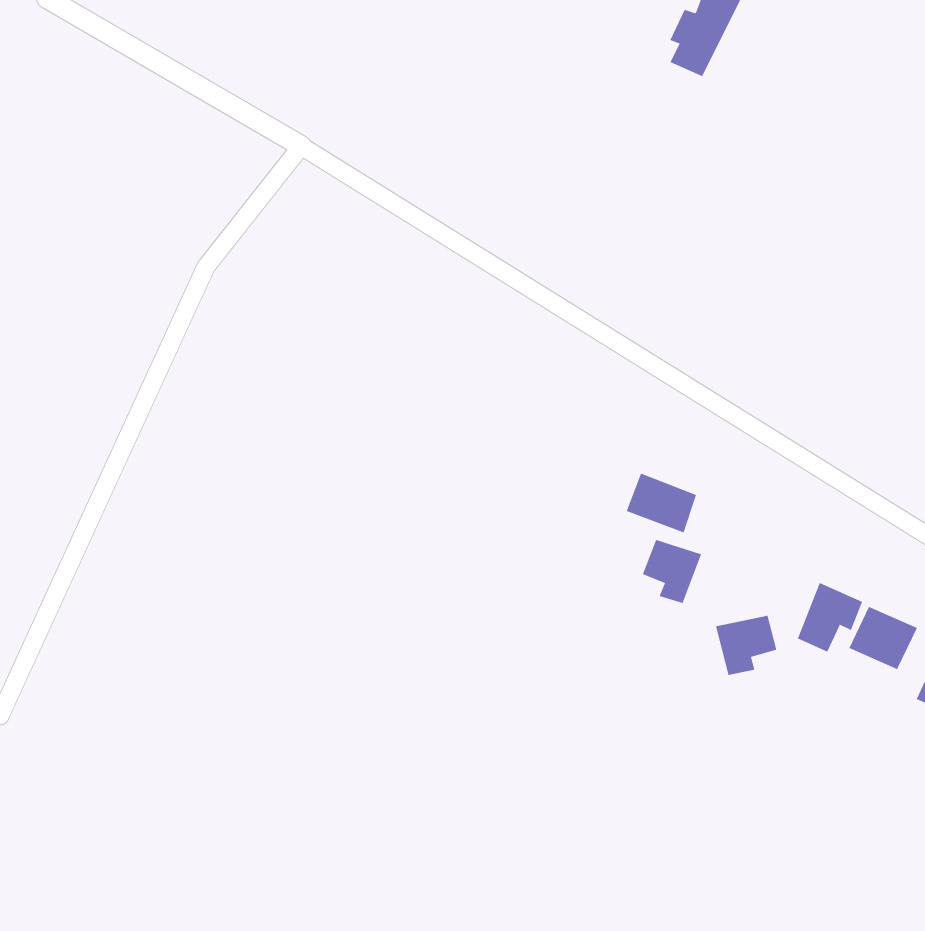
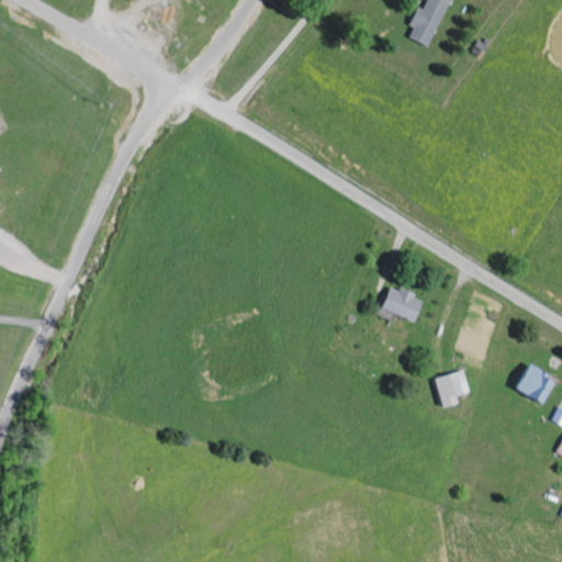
building: [642,539,702,604] -> none
building: [797,582,863,653] -> none

